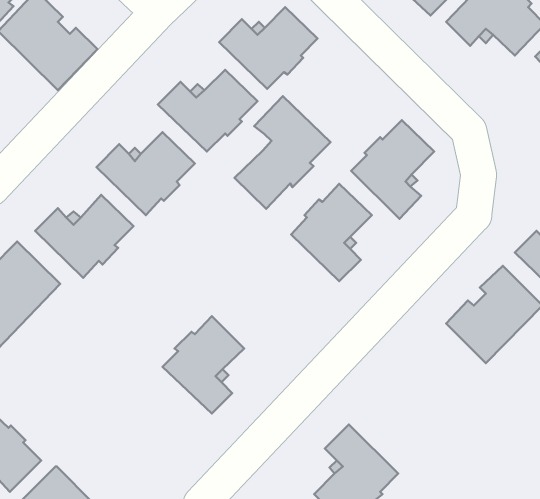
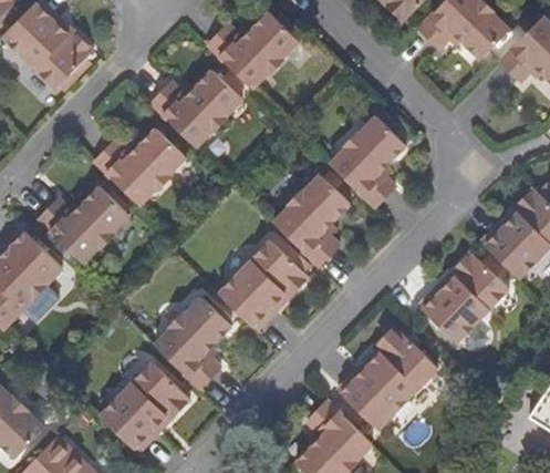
building: [234,96,331,209] -> none
building: none -> [219,244,308,331]
building: none -> [336,329,435,429]
building: none -> [101,366,189,453]

